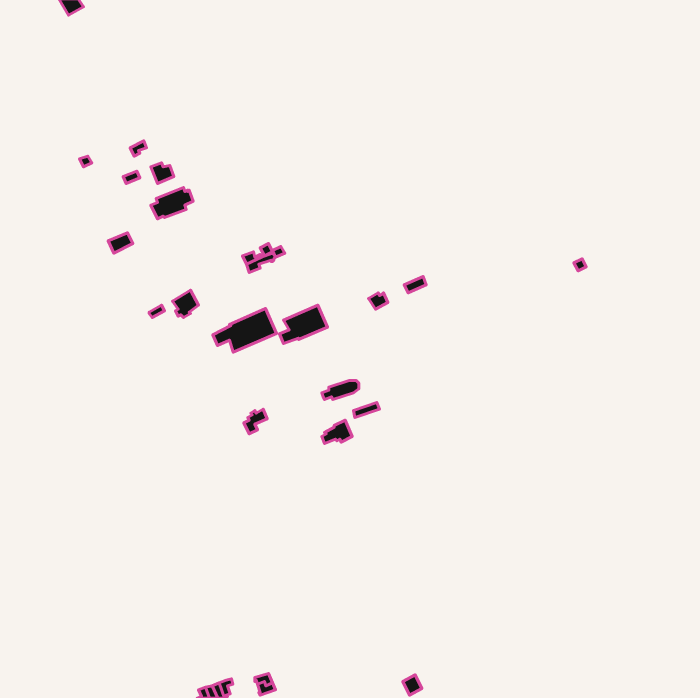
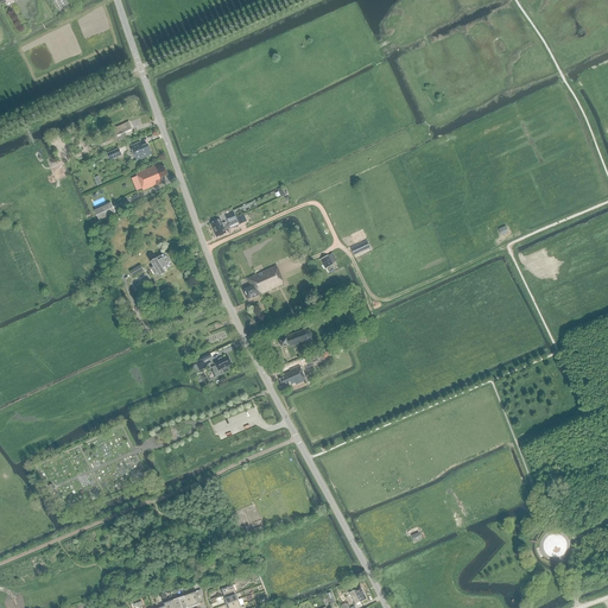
building: [213,309,276,352] -> none

